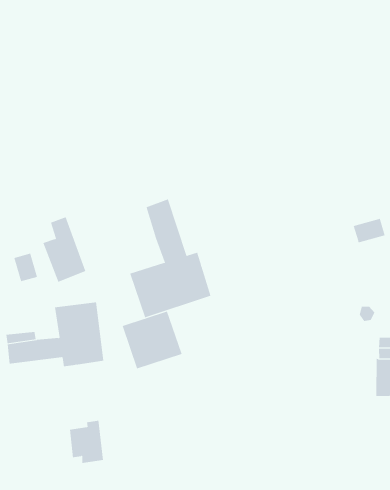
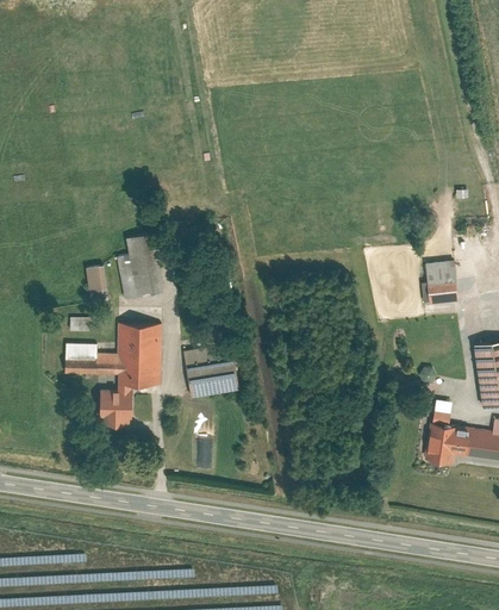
building: none -> [424,262,459,287]
building: [130,199,211,318] -> none
building: [69,420,104,464] -> [100,385,132,425]

